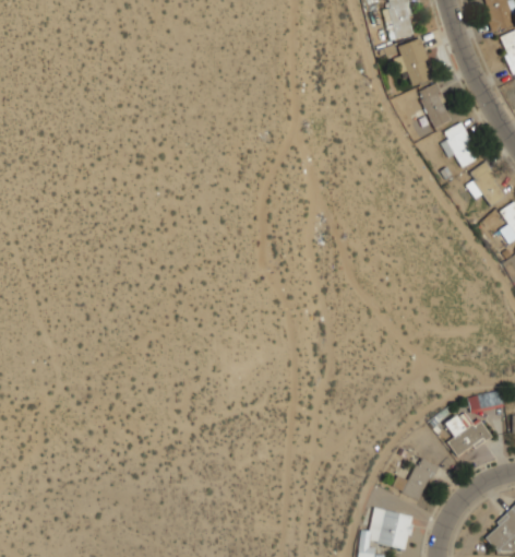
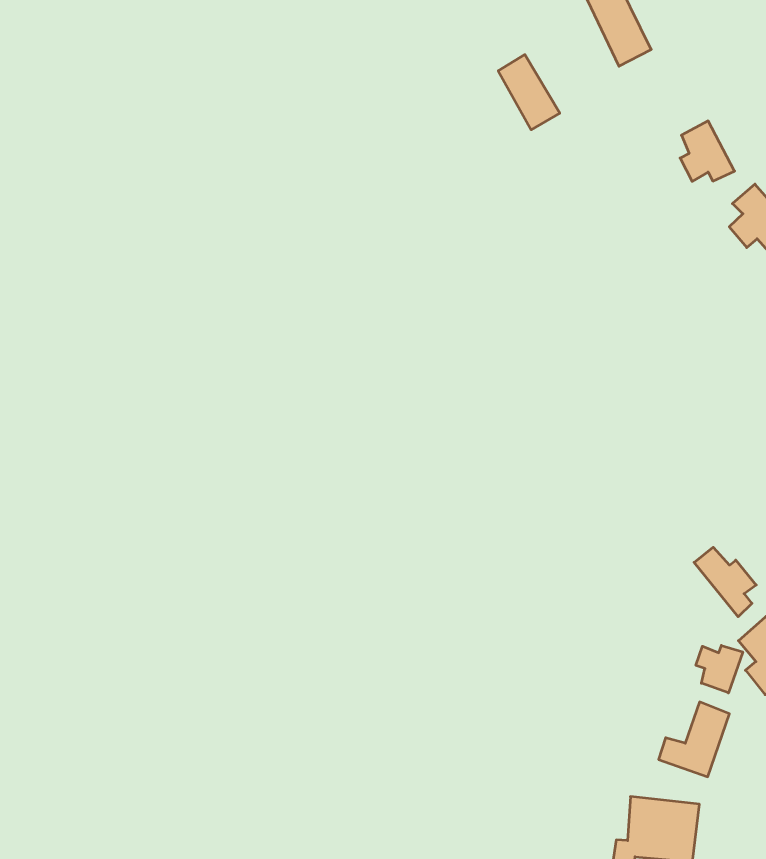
building: [419,84,452,128] -> [498,55,560,130]
building: none -> [694,547,756,617]
building: none -> [696,645,743,693]

